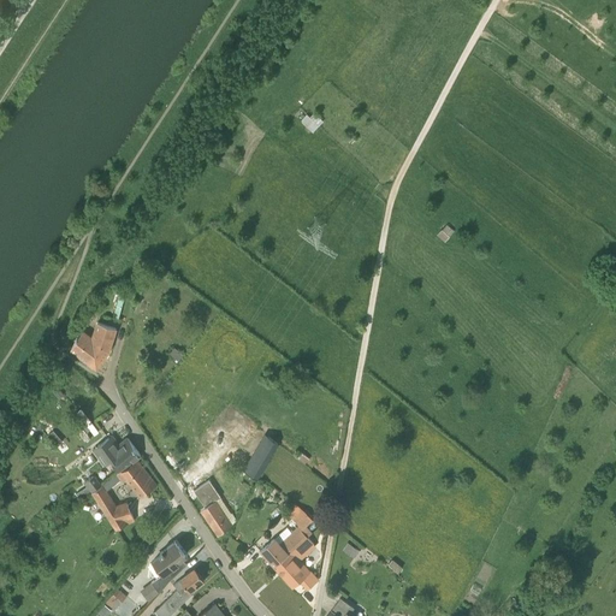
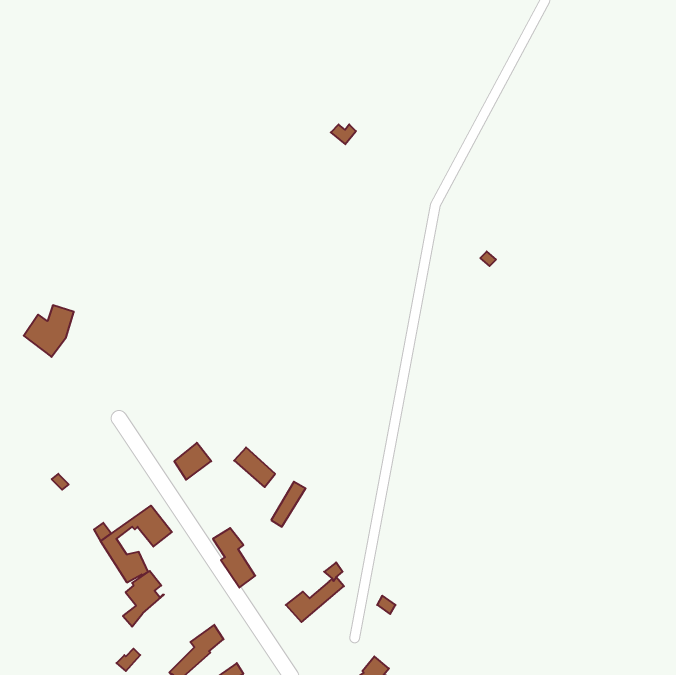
building: [70,322,116,369] -> [24,305,74,357]
building: [107,439,141,473] -> [174,443,211,480]
building: [274,539,313,591] -> none
building: [150,543,188,593] -> [123,571,164,627]

